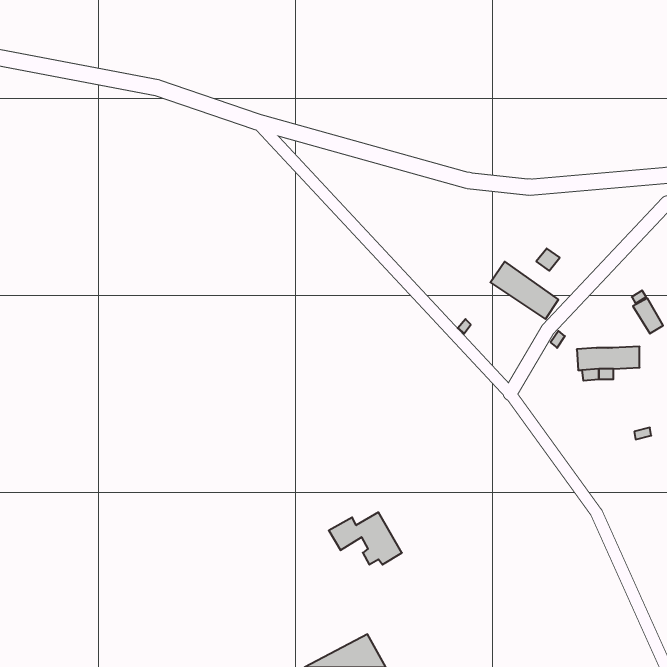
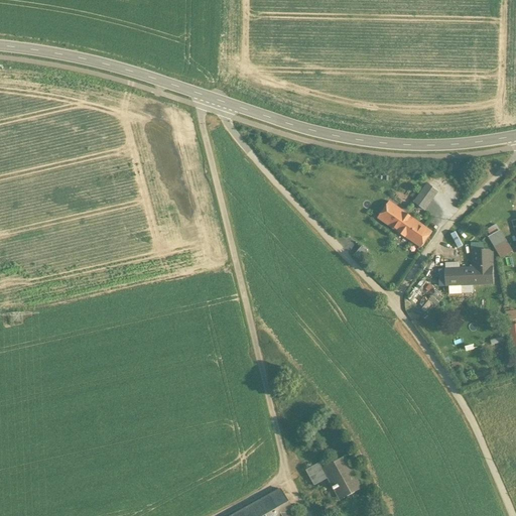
building: none -> [471,249,493,268]
building: [329,512,402,565] -> [304,456,361,496]

